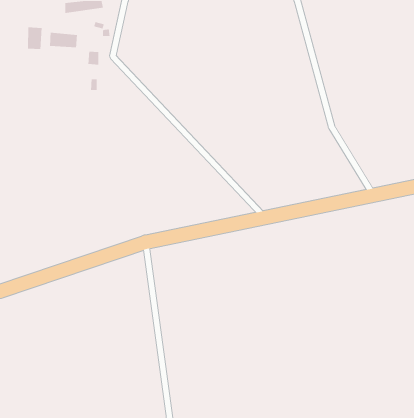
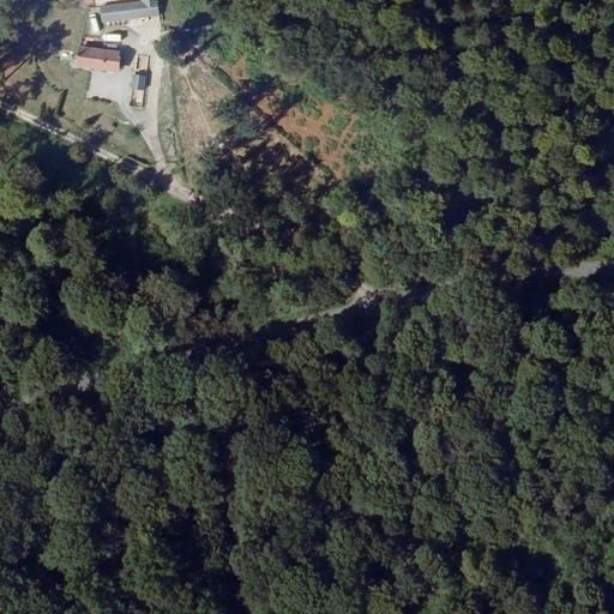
building: [27,27,43,50] -> none

